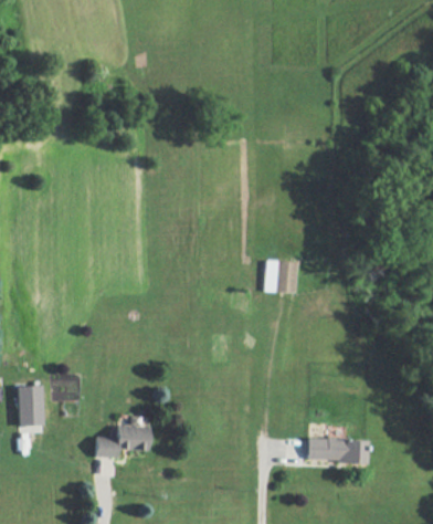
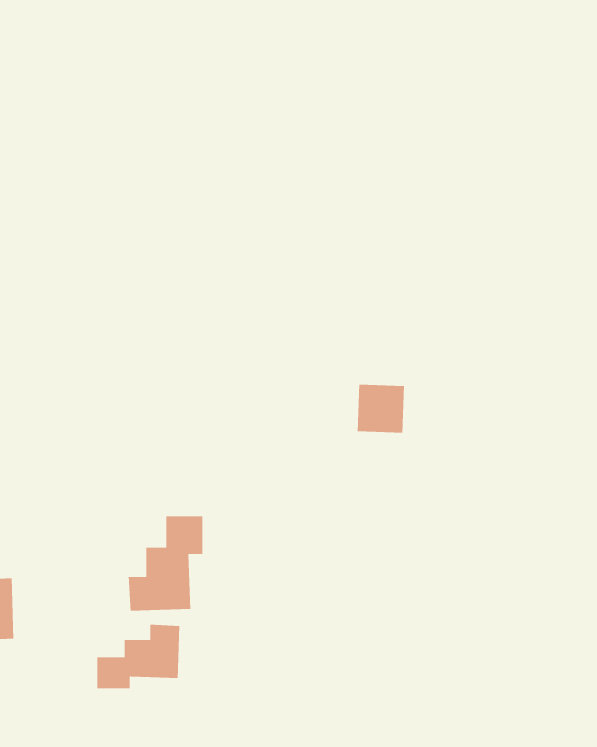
building: none -> [128,516,203,612]
building: [307,437,367,462] -> none

